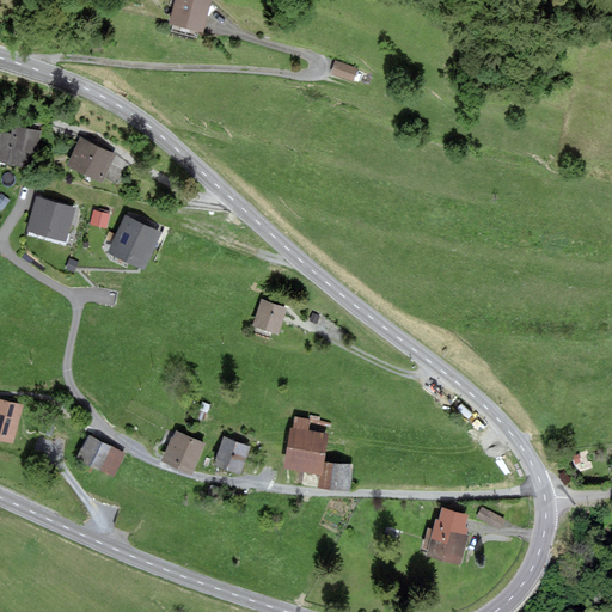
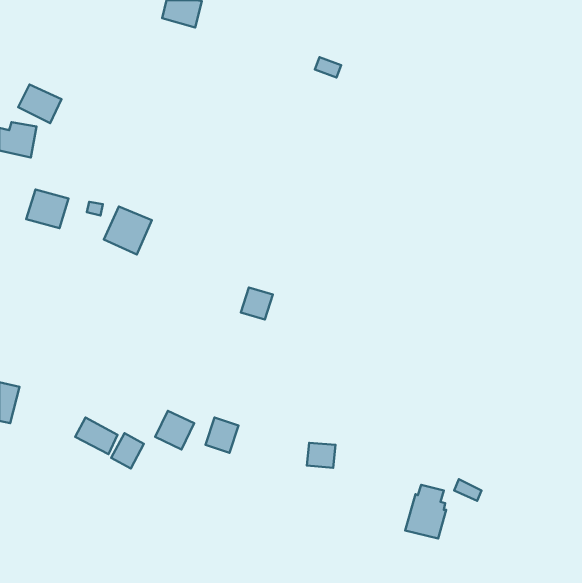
building: [67,139,112,179] -> [18,84,62,123]
building: [281,417,325,473] -> none
building: none -> [111,433,144,468]

